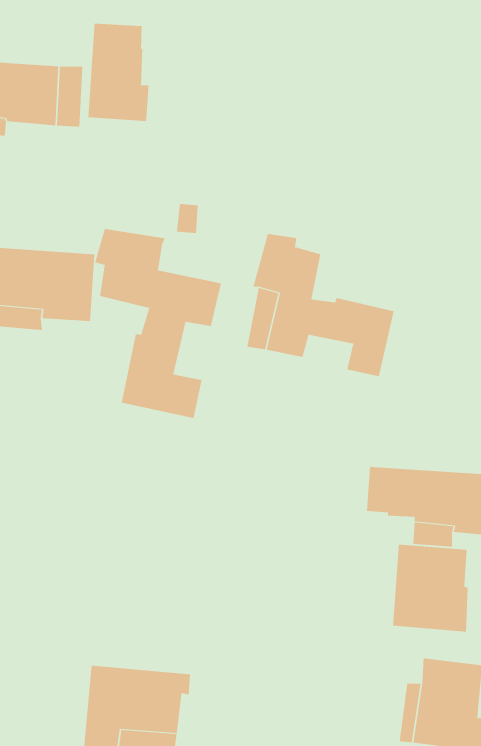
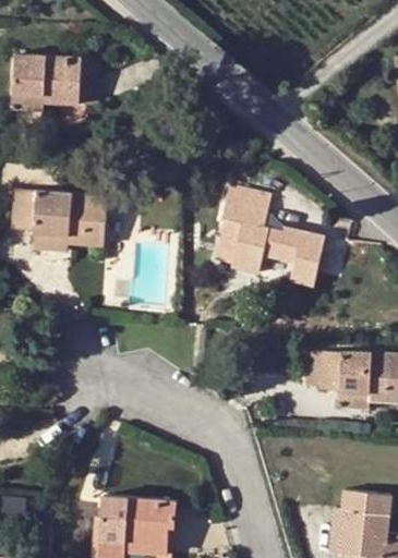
building: [88,23,149,122] -> none
building: [95,228,222,419] -> none
building: [392,544,468,632] -> none

